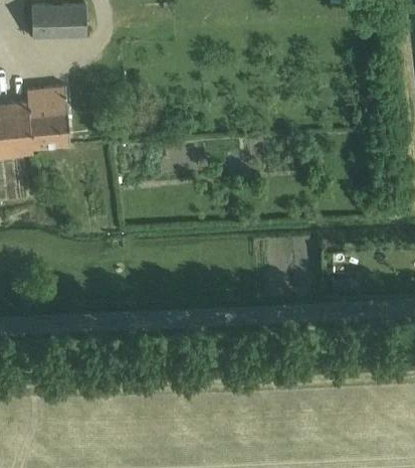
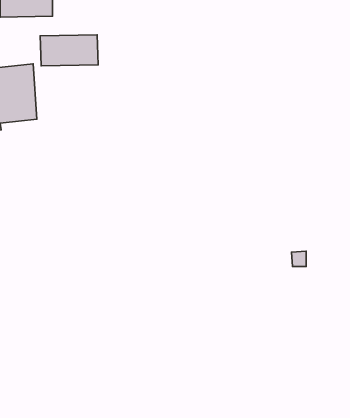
building: none -> [40,35,98,66]

